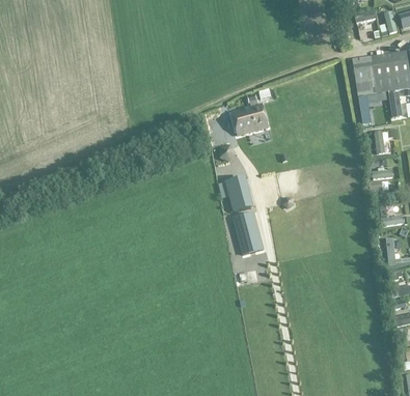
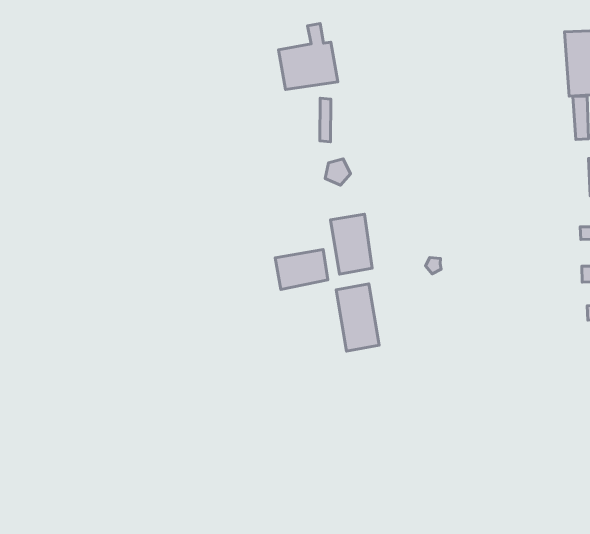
building: [233,93,269,134] -> [279,23,338,89]
building: none -> [275,250,328,290]

